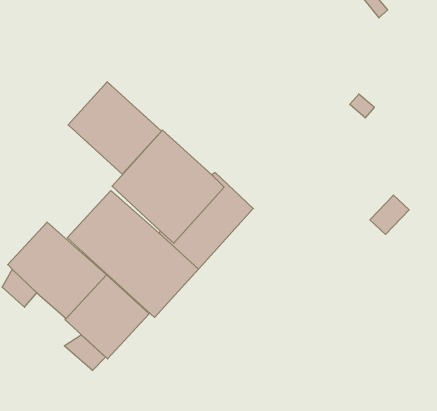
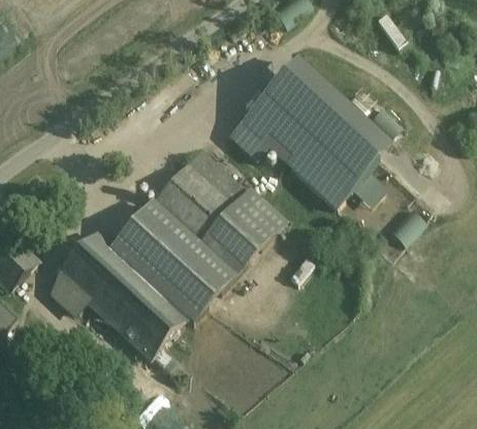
building: none -> [228,61,389,208]
building: [68,82,161,174] -> none
building: [64,335,106,371] -> none

